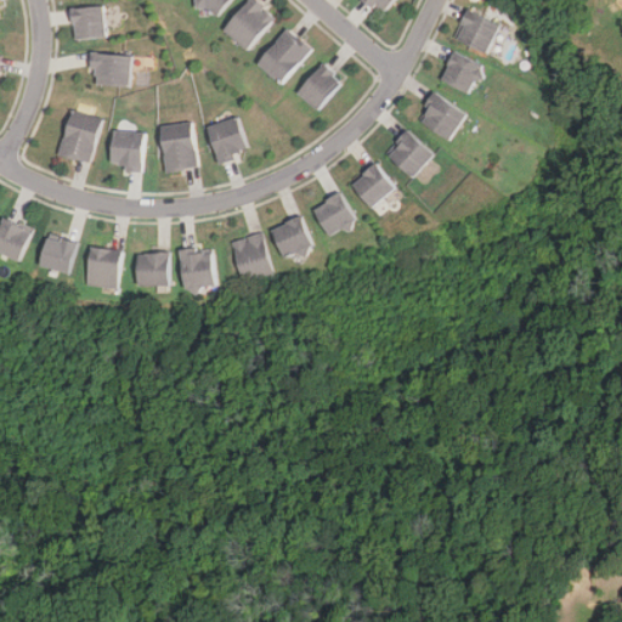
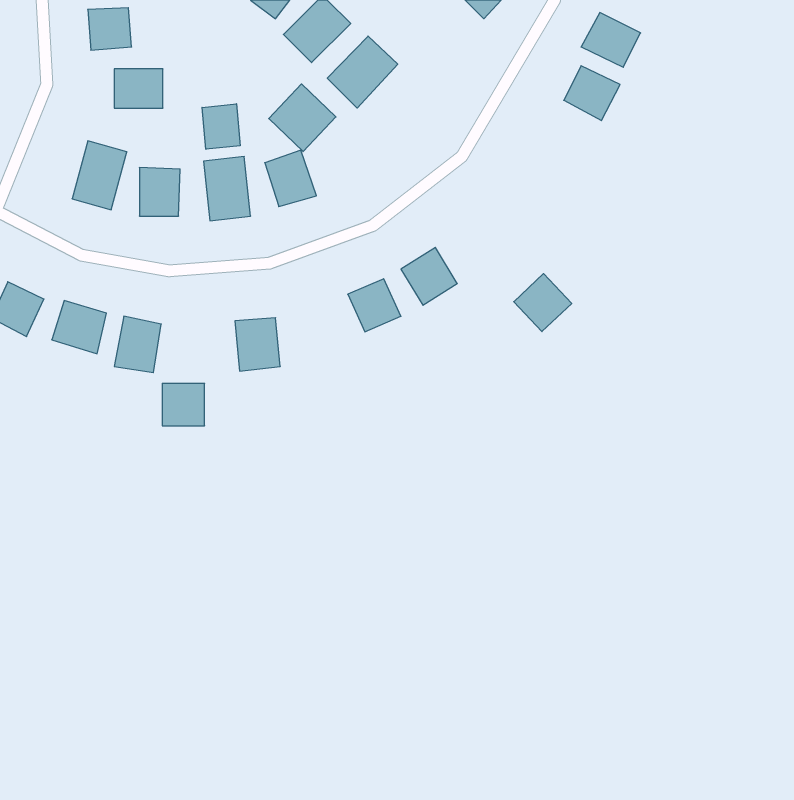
building: [294,62,339,108] -> none
building: none -> [269,84,336,152]
building: none -> [202,104,240,149]
building: [414,91,464,140] -> none
building: [384,130,431,177] -> none
building: [349,163,394,208] -> [514,274,572,332]
building: [230,232,271,283] -> none
building: [142,254,175,287] -> [162,383,205,426]

